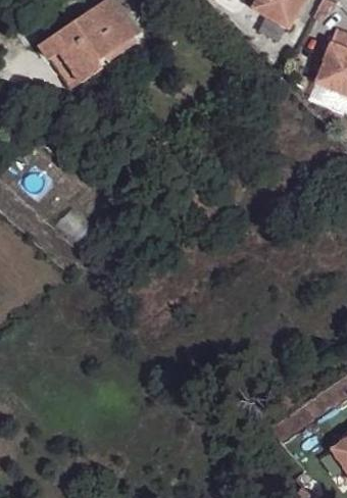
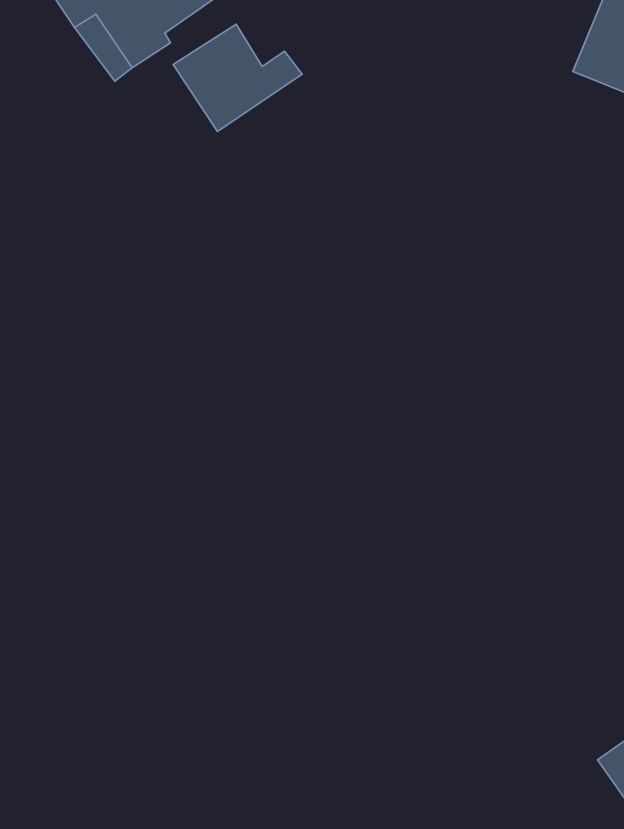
building: none -> [173,24,302,131]

